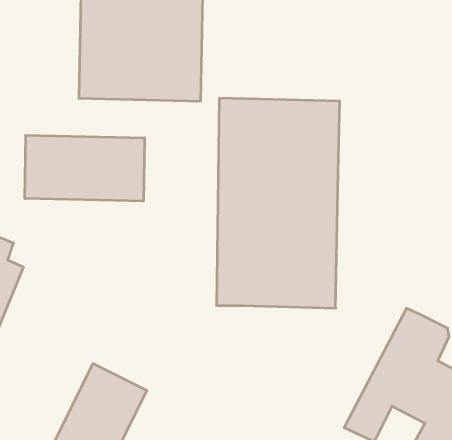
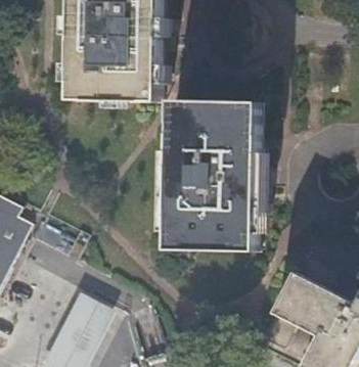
building: [25,135,144,201] -> none

